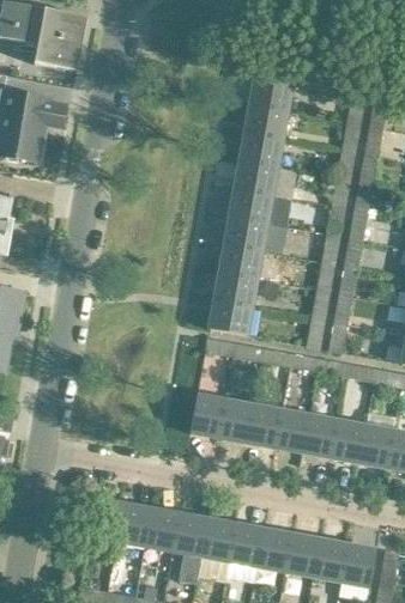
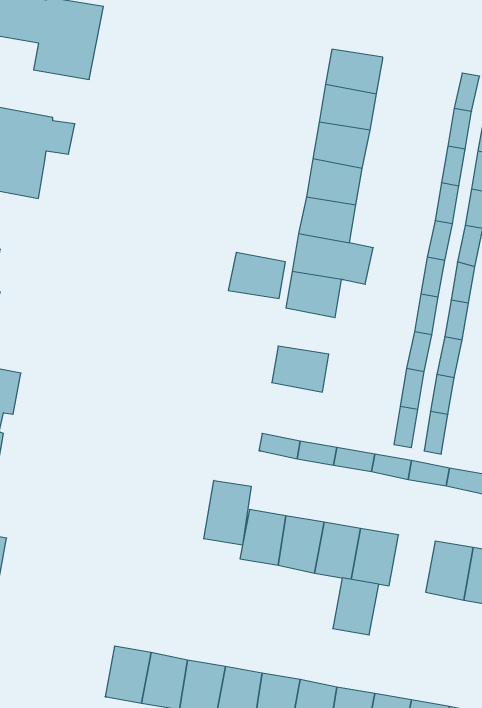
building: [218,242,261,276] -> [228,252,285,298]
building: [208,298,252,334] -> none
building: none -> [204,480,251,545]
building: [302,413,337,456] -> [333,578,379,635]

